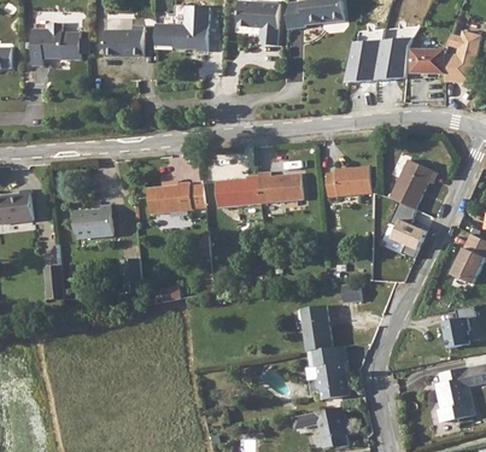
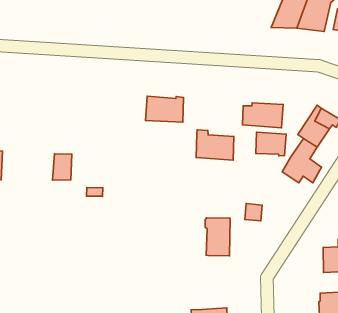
building: [256,171,301,204] -> [196,130,234,160]
building: [146,182,204,215] -> none
building: none -> [256,132,286,156]
building: [72,205,111,240] -> none
building: [308,345,351,398] -> none

